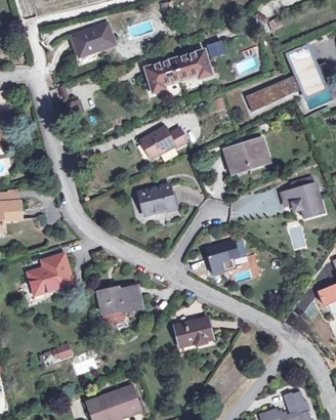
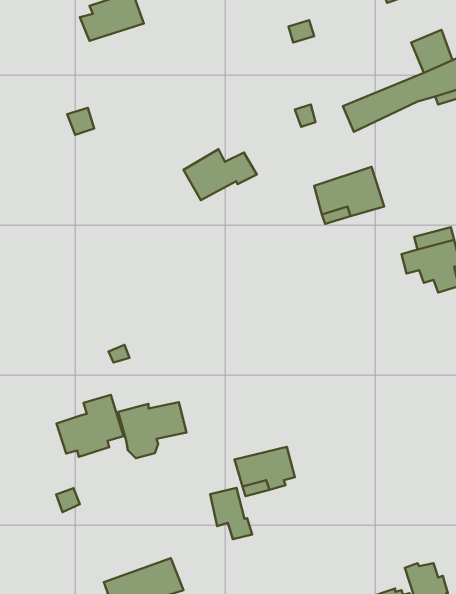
building: [144,50,211,92] -> none
building: [138,185,174,213] -> none
building: [205,240,237,274] -> none
building: [27,254,70,294] -> [57,395,123,457]
building: none -> [210,488,252,539]

